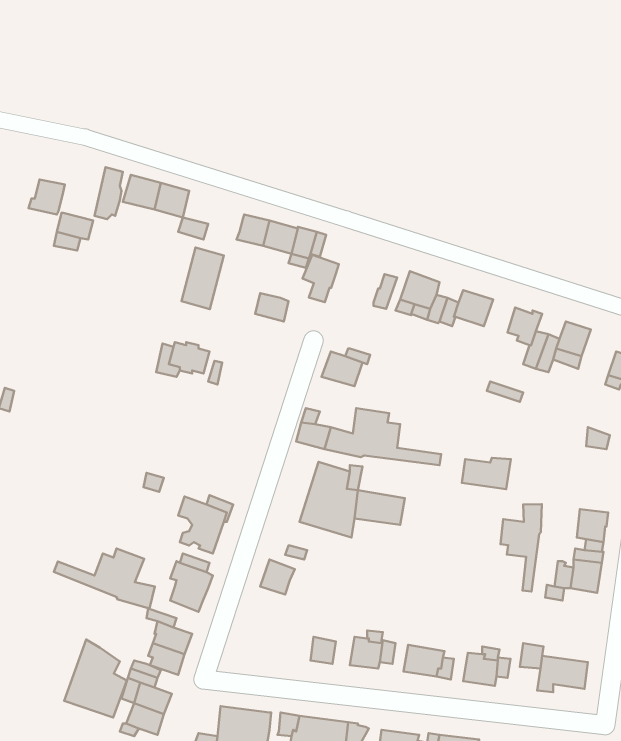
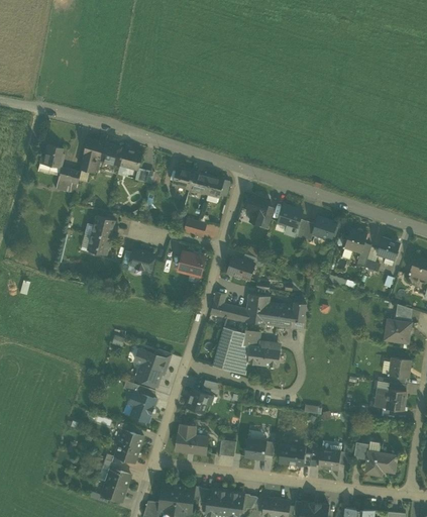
building: [181,248,224,309] -> [87,215,114,254]
building: [303,255,339,302] -> [245,194,269,224]
building: none -> [180,251,204,277]
building: none -> [385,318,411,341]
building: [462,458,511,489] -> [275,301,306,321]
building: [500,504,542,591] -> none
building: [54,549,155,608] -> none
building: none -> [175,423,208,453]
building: [64,640,127,718] -> none

